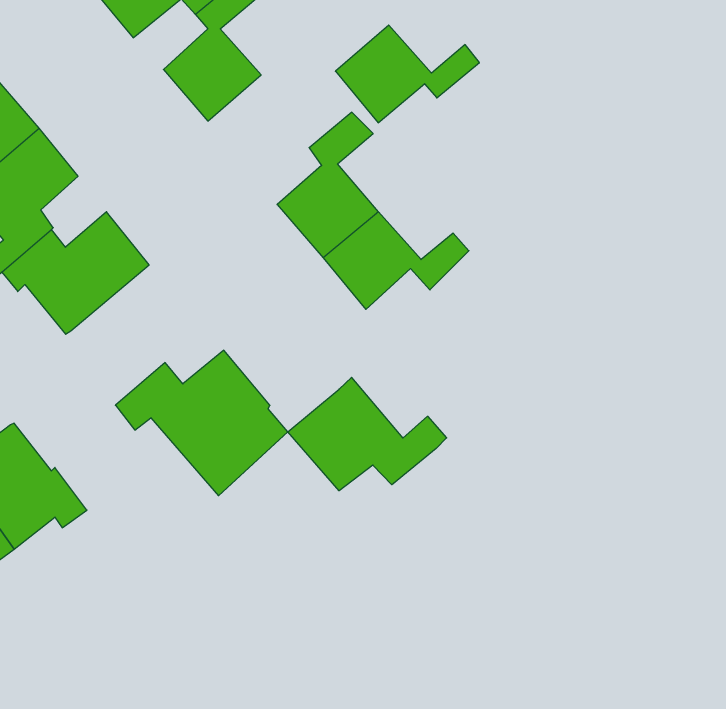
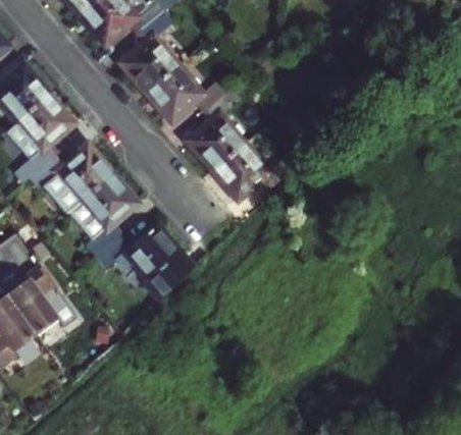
building: [335,25,479,123] -> [146,63,228,119]
building: none -> [67,172,137,253]
building: [288,377,447,491] -> none

